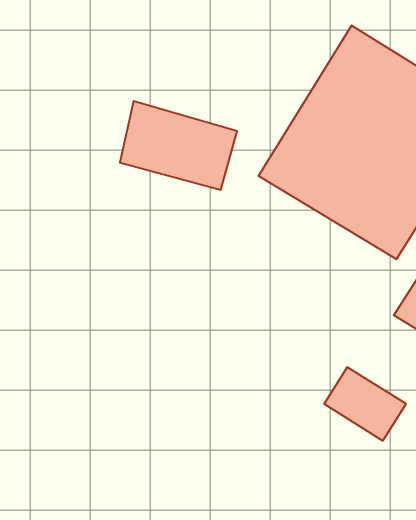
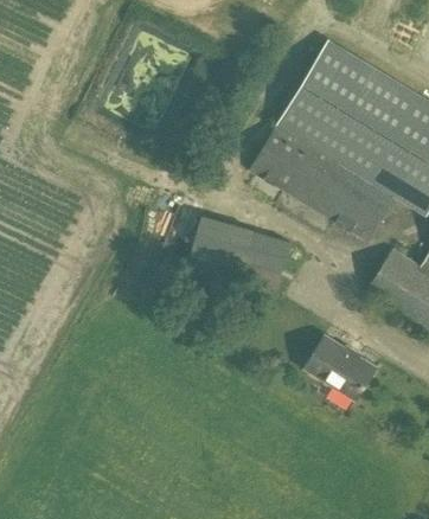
building: [120,101,237,190] -> [190,214,292,291]

